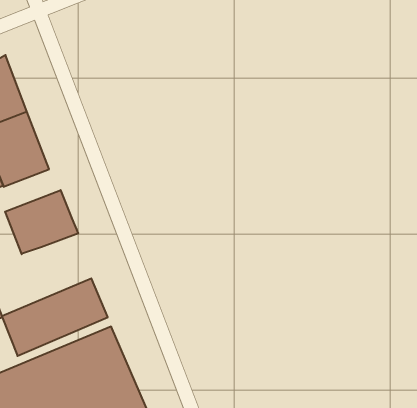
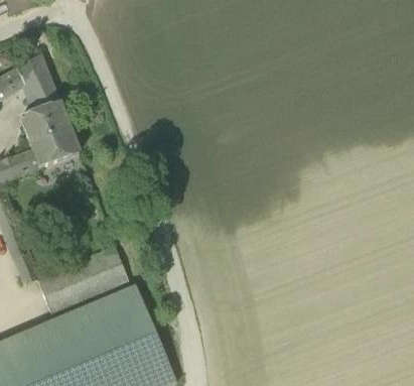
building: [5,190,78,254] -> none

